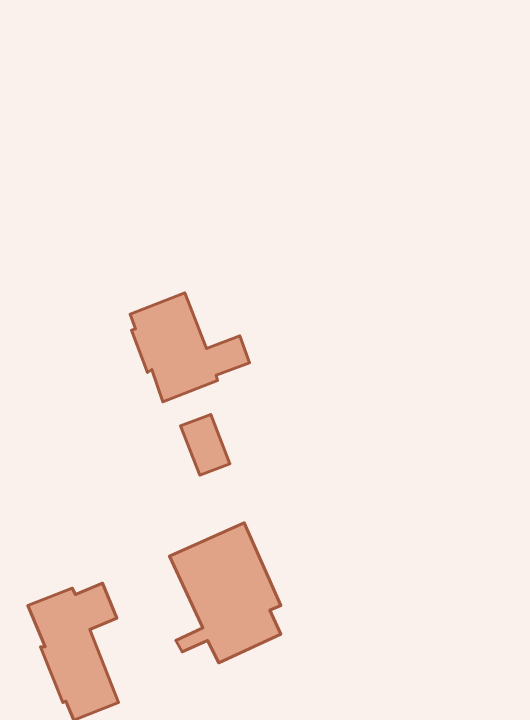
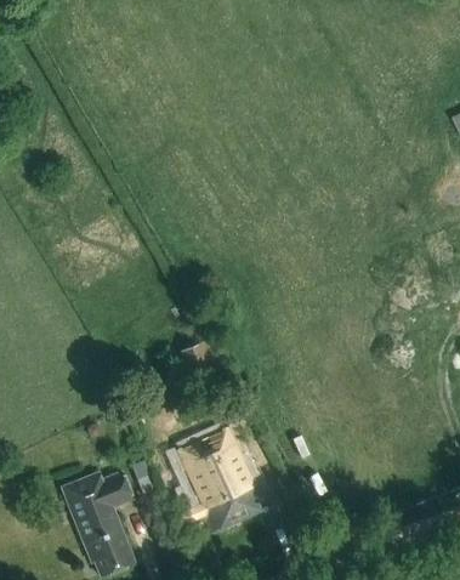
building: [130,293,250,402] -> none

